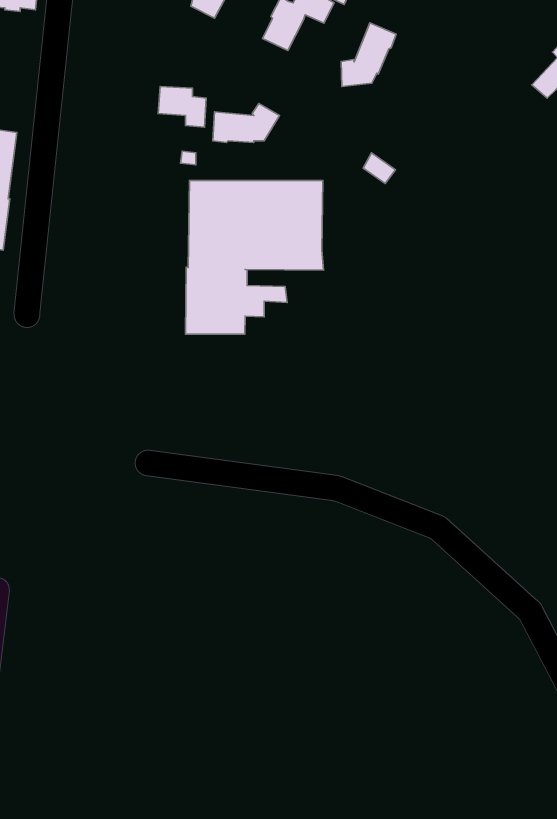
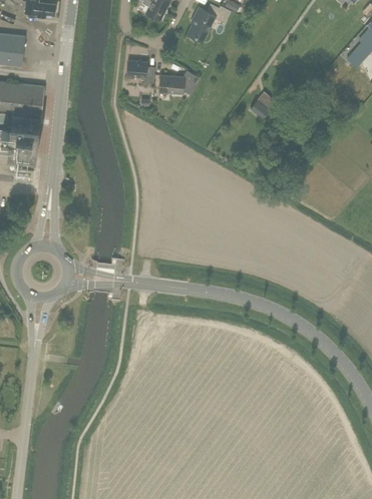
building: [341,23,396,86] -> none
building: [186,181,323,334] -> none

